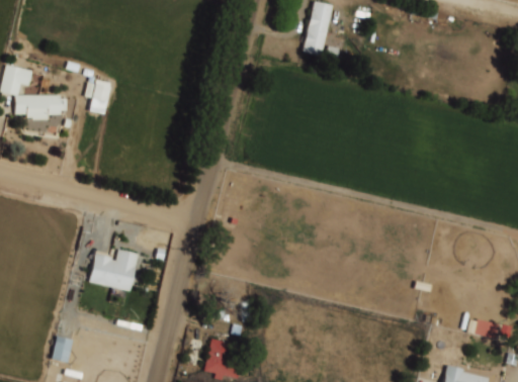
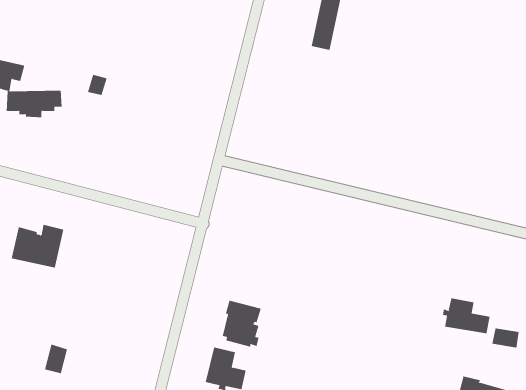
building: [88,250,139,291] -> [11,224,64,268]
building: none -> [442,298,490,334]
building: none -> [222,300,262,347]

